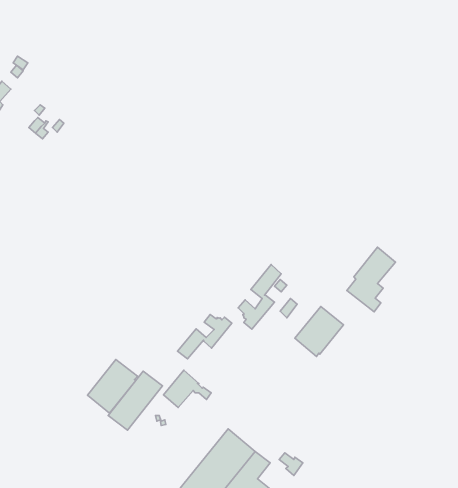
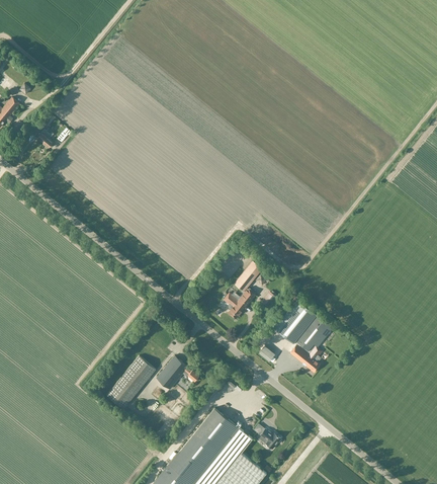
building: [347,247,396,312] -> [289,315,333,373]
building: [178,315,232,359] -> none
building: [88,360,138,413] -> none

